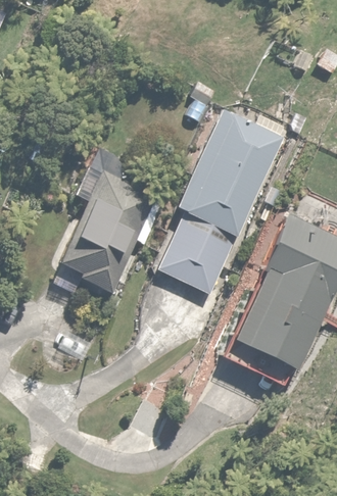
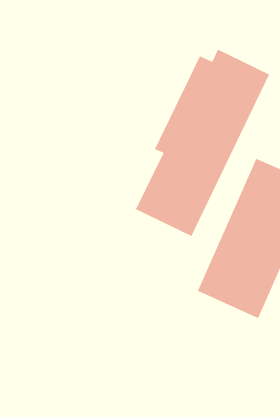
building: [59,154,177,289] -> none

